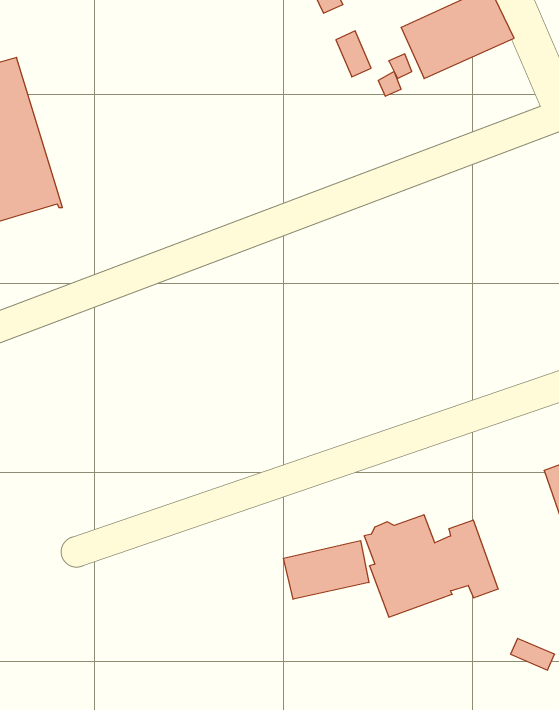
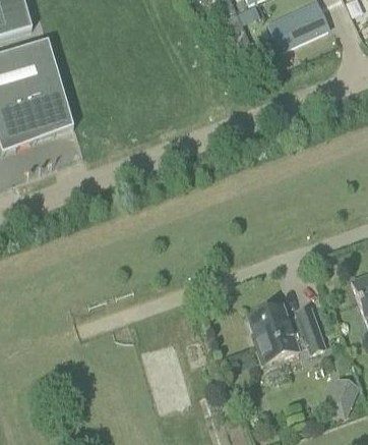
building: [284,541,369,599] -> none

